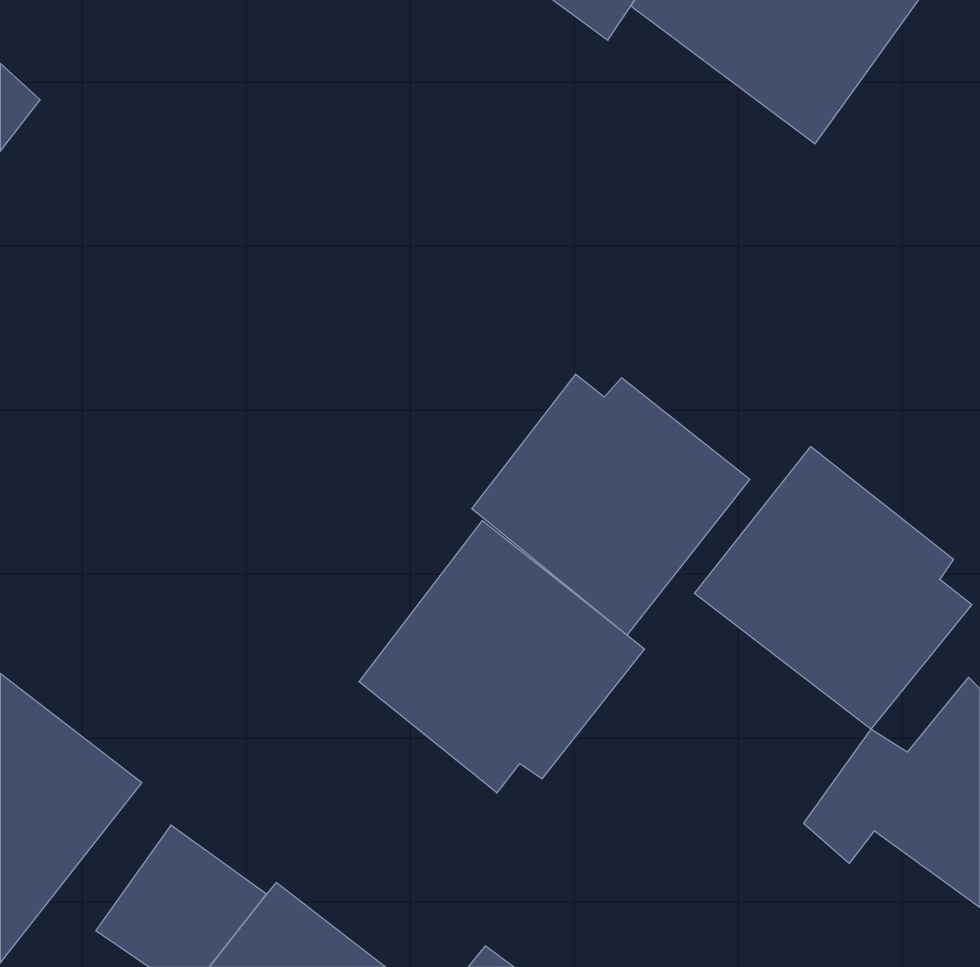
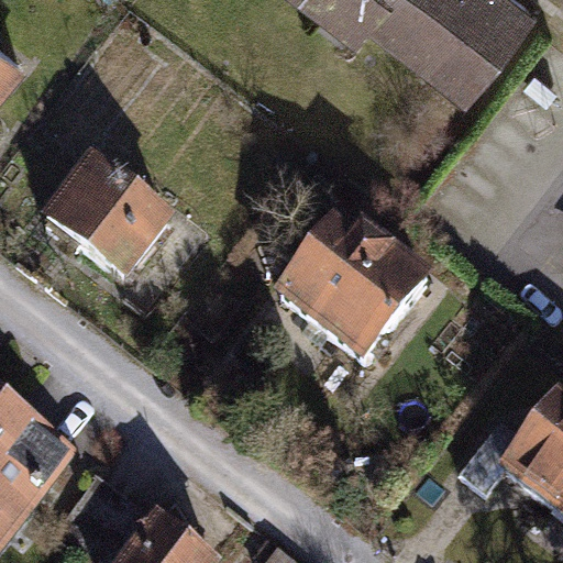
building: none -> [36,150,174,279]
building: [695,446,972,729] -> none
building: [359,521,644,793] -> none

